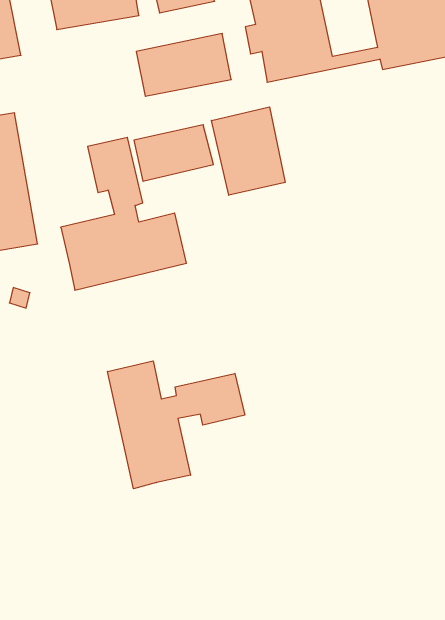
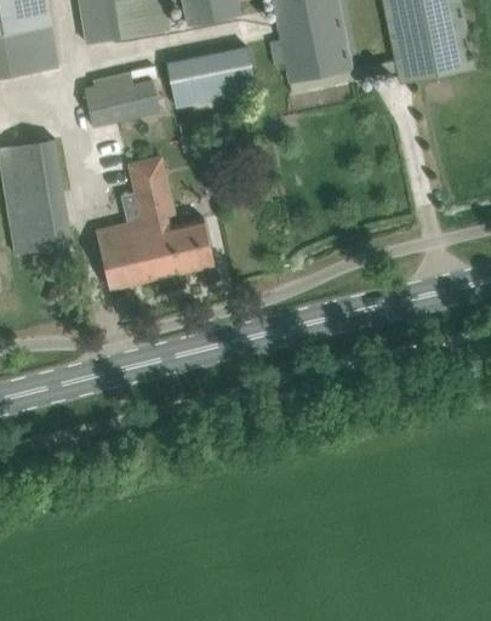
building: [211,107,285,195] -> none
building: [134,125,213,181] -> [84,72,159,125]
building: [108,361,245,489] -> none

